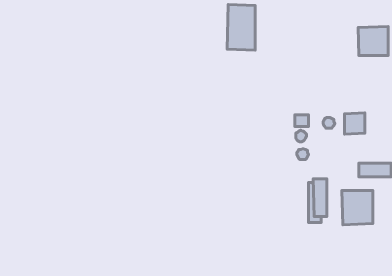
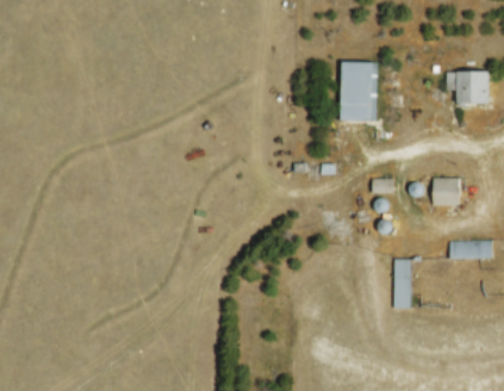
building: [227,5,255,50] -> [343,64,378,120]
building: [342,191,373,225] -> none

